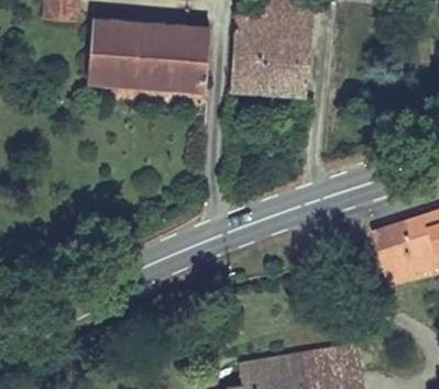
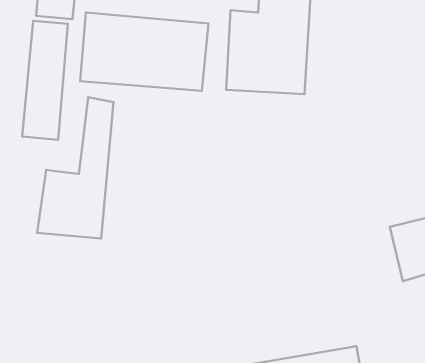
building: none -> [22,21,68,140]
building: none -> [37,97,113,238]

